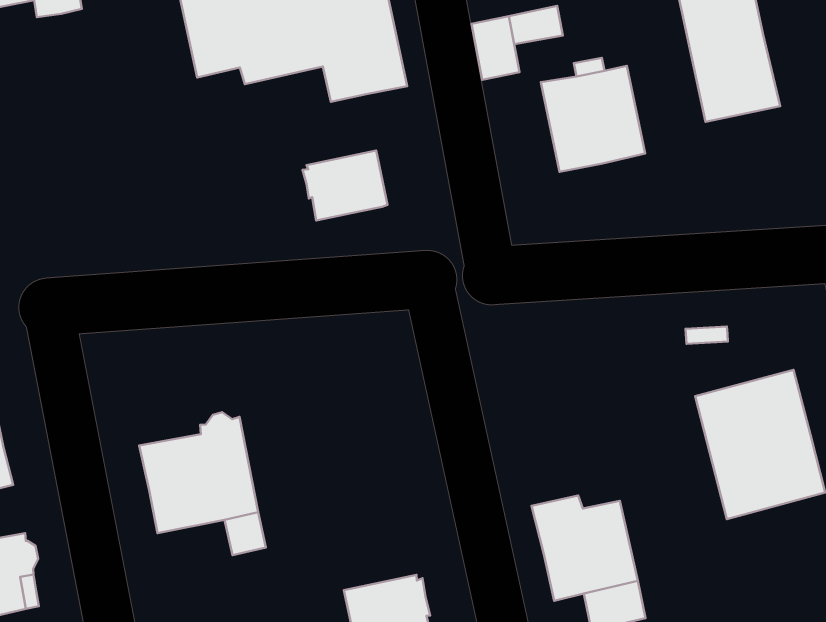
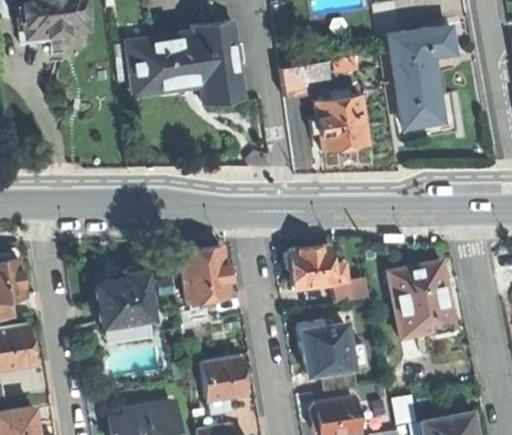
building: [303,150,387,220] -> none
building: none -> [286,246,349,289]
building: none -> [182,248,231,311]

